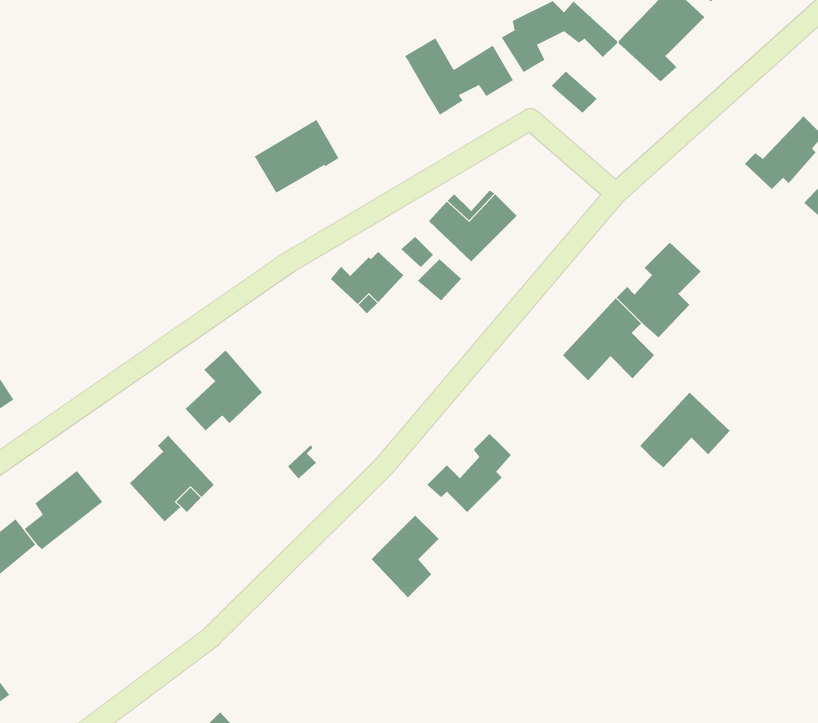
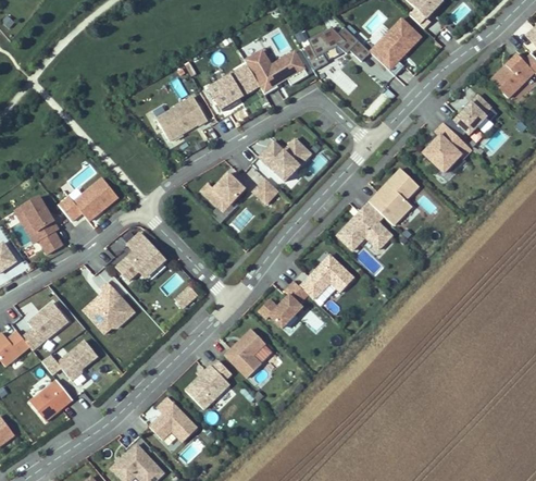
building: none -> [207,63,259,108]
building: none -> [425,123,471,172]
building: none -> [59,177,117,221]
building: none -> [21,196,63,254]
building: [639,392,731,468] -> [300,255,353,299]
building: none -> [41,340,98,381]
building: none -> [185,360,232,409]
building: none -> [30,380,72,421]
building: none -> [149,397,197,443]

